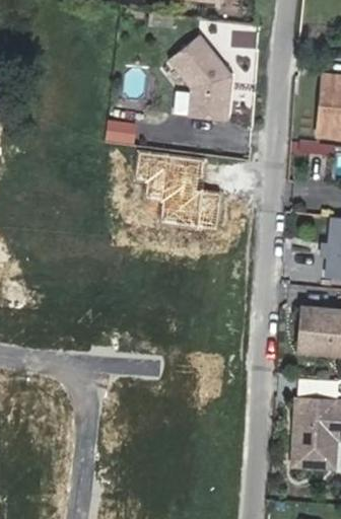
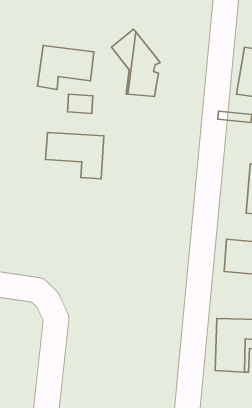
building: none -> [37,45,94,89]
building: none -> [46,132,104,179]

